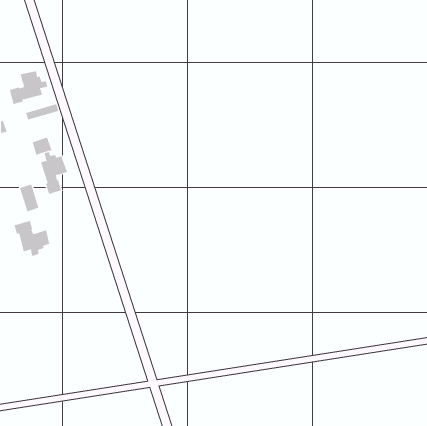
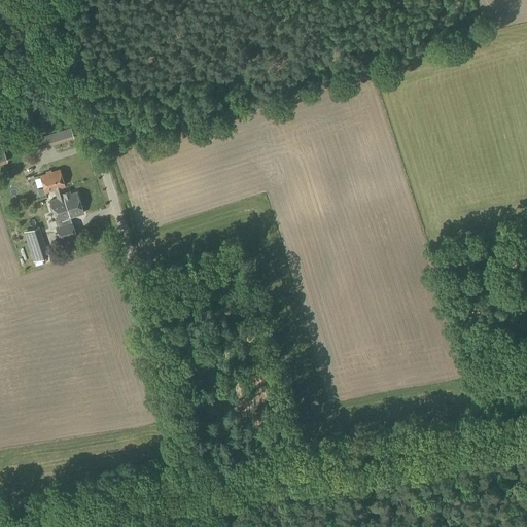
building: [9,71,48,105] -> none
building: [14,220,50,257] -> none

